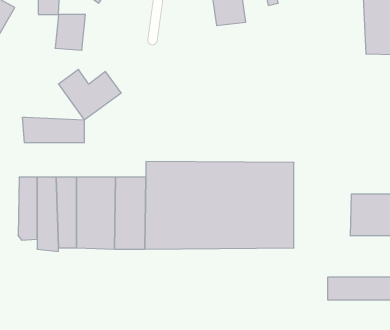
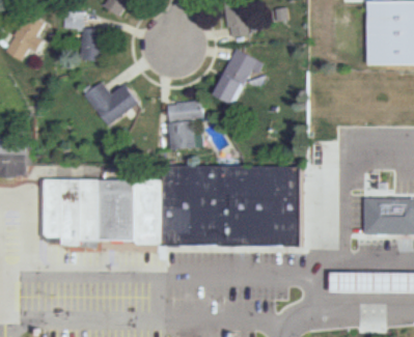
building: none -> [213,48,257,103]
building: none -> [167,99,206,151]
building: [23,117,84,143] -> none

